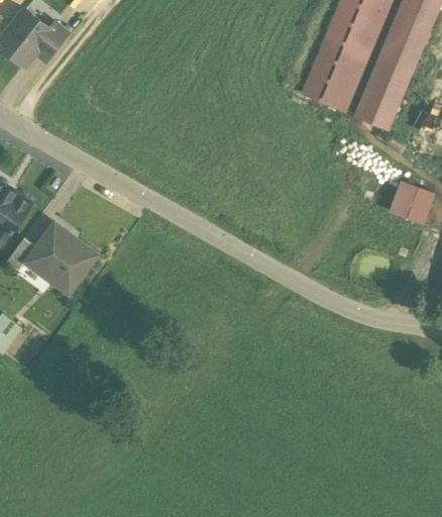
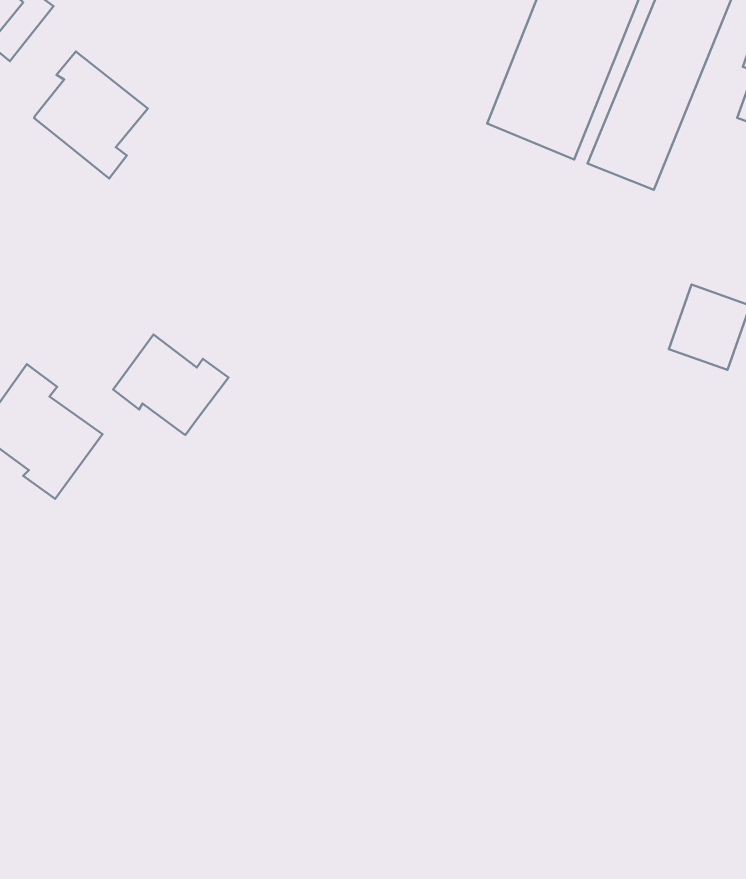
building: none -> [34,52,148,178]
building: none -> [113,335,228,435]

